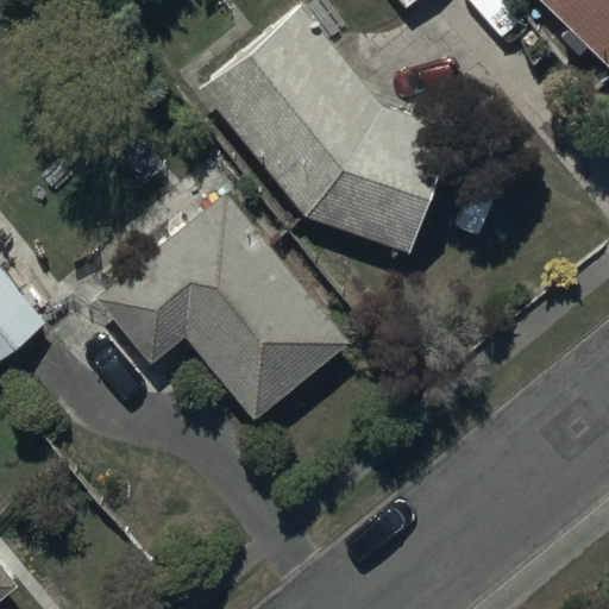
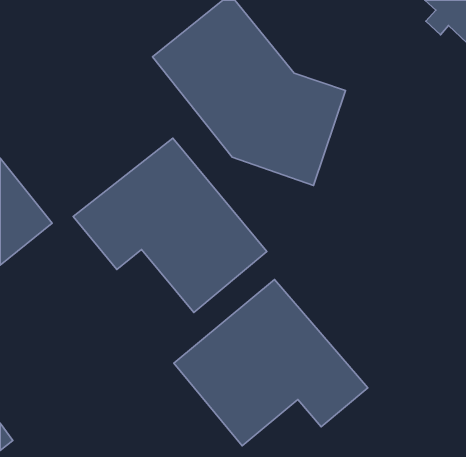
building: none -> [174,279,368,446]

